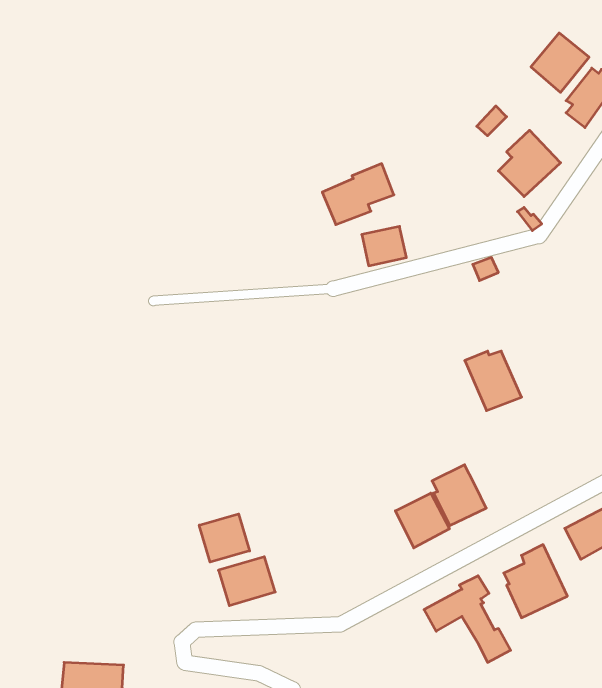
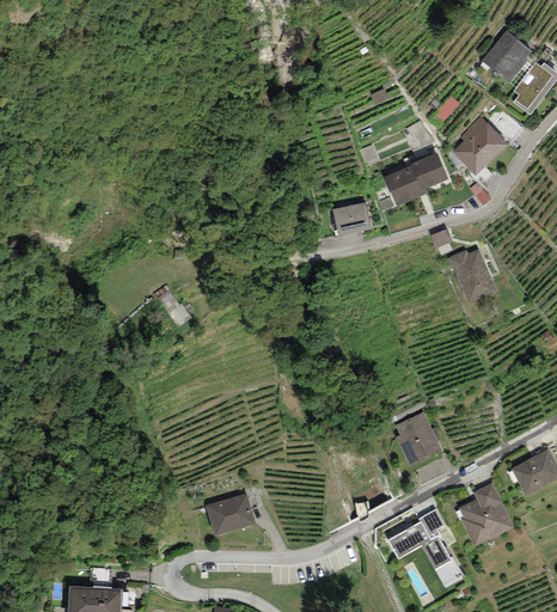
building: [322,164,394,225] -> [384,152,447,206]
building: [465,351,522,411] -> [447,249,497,301]
building: [395,493,449,548] -> none
building: [199,514,250,562] -> none

